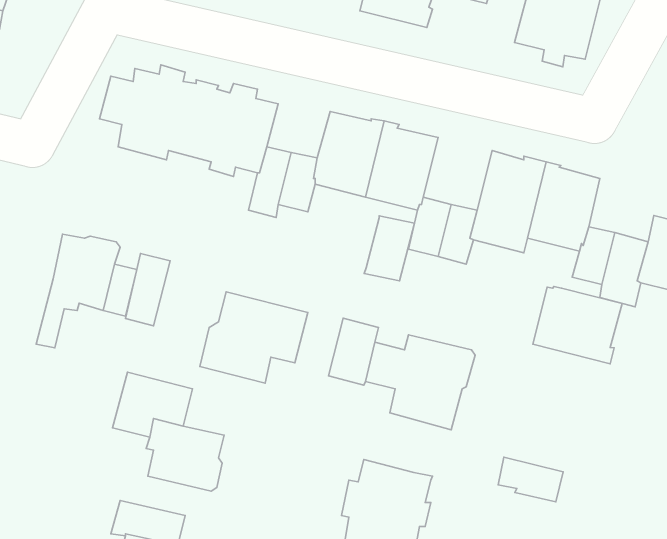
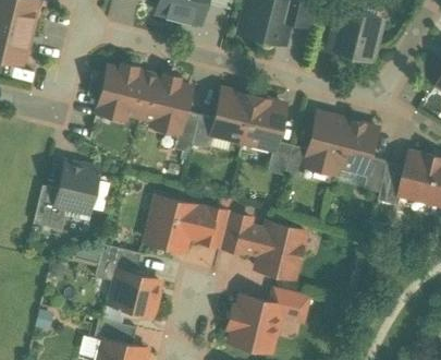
building: [364,216,415,281] -> [200,208,230,247]
building: [126,253,170,326] -> [34,185,60,228]
building: [533,286,622,364] -> none
building: [498,457,563,502] -> [271,287,309,313]

